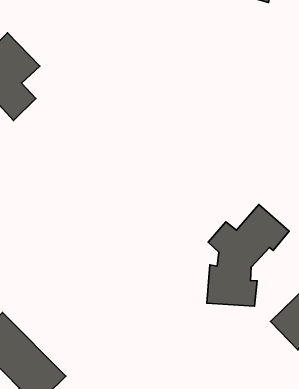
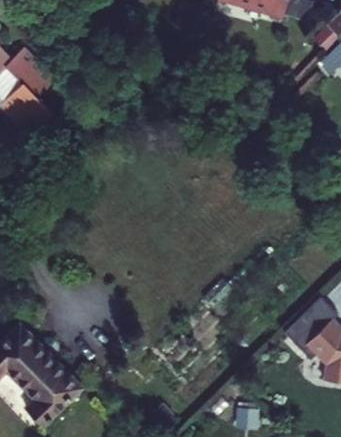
building: [207,205,289,306] -> none

